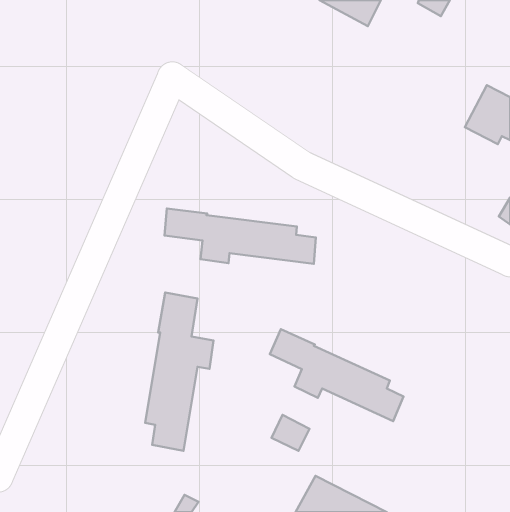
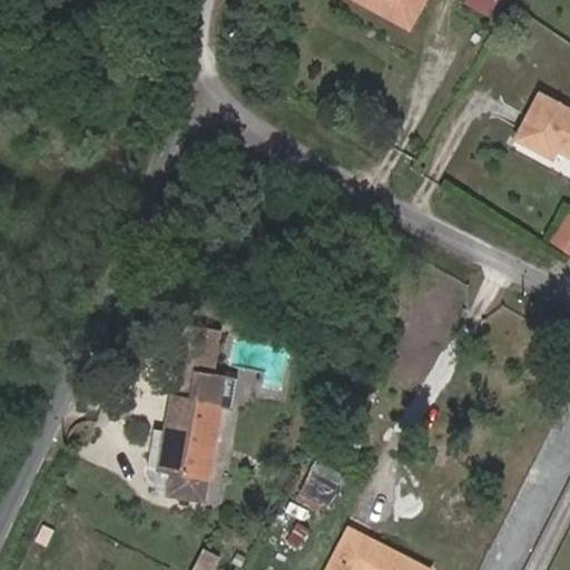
building: [164,209,316,264] -> none
building: [270,329,403,421] -> none

